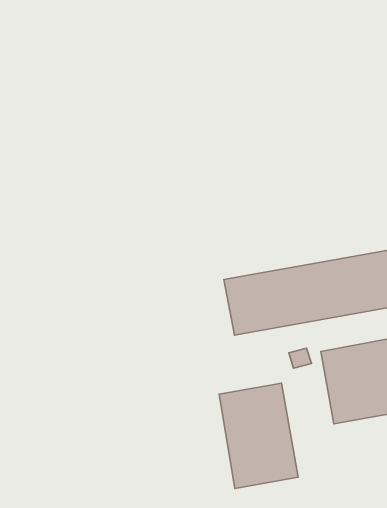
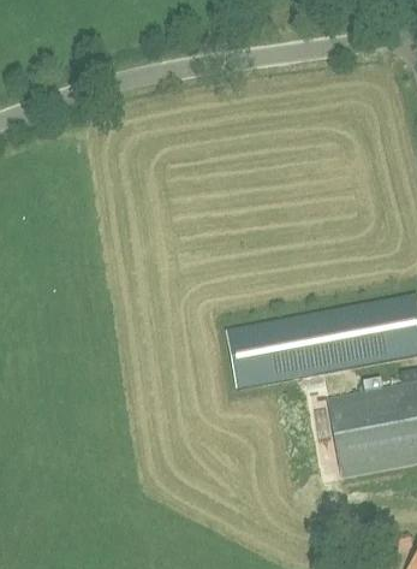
building: [219,383,298,488] -> none

